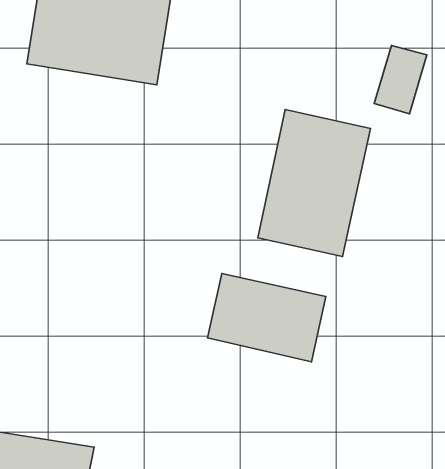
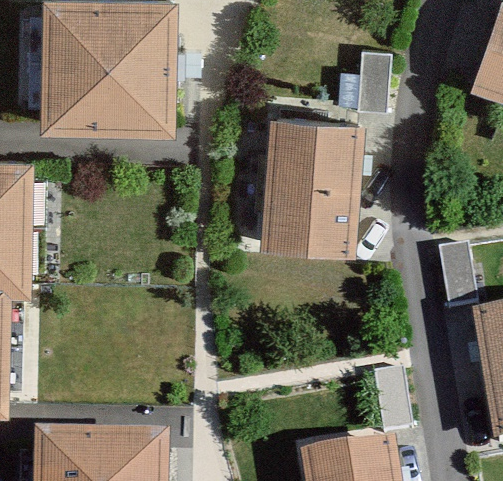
building: [208,274,326,362] -> none

